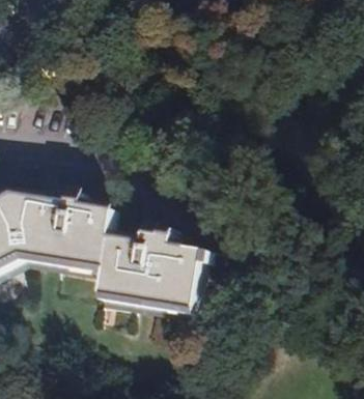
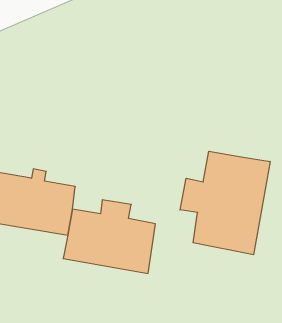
building: none -> [180,151,270,255]

